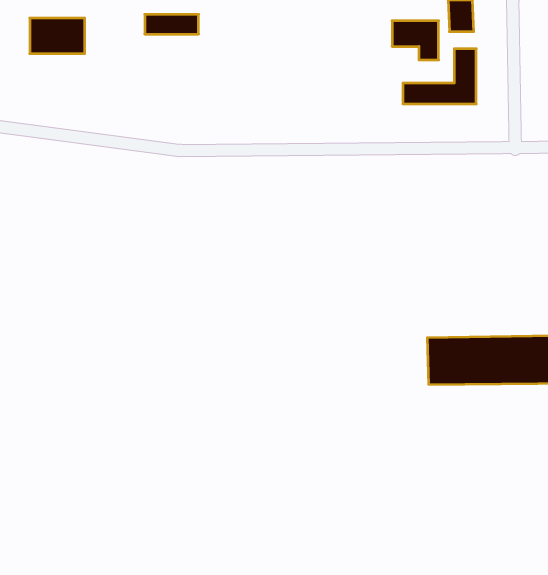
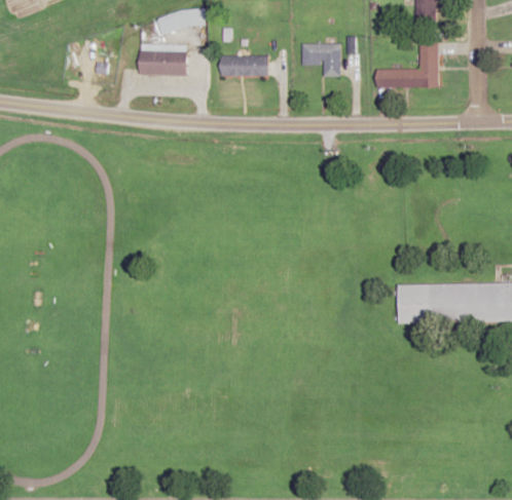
building: [30,18,85,54] -> [140,45,186,75]
building: [392,21,439,60] -> [300,43,339,76]
building: none -> [220,56,267,76]

